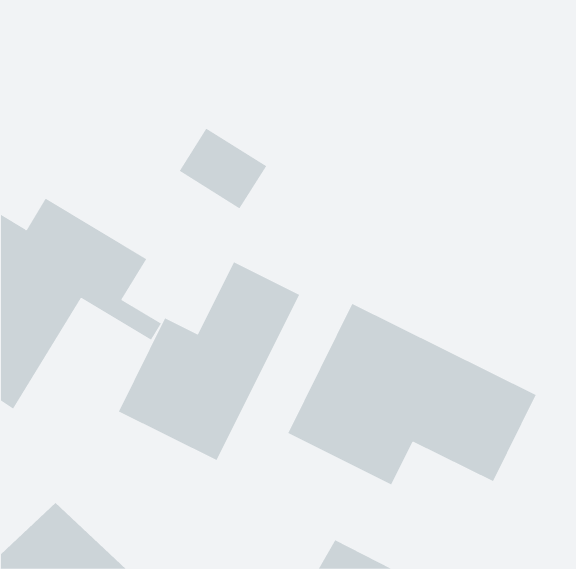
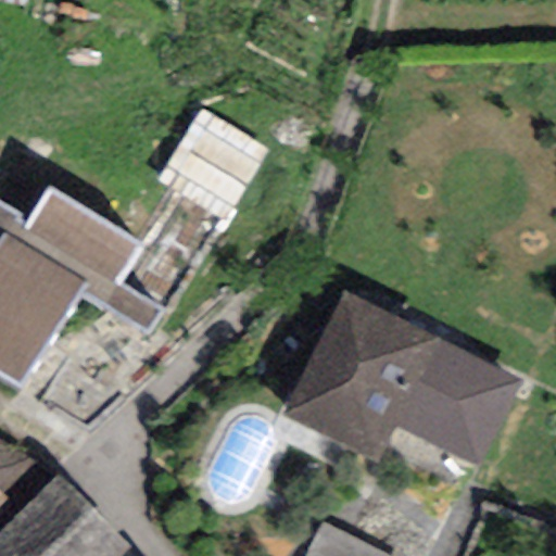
building: [118,261,300,461] -> none

